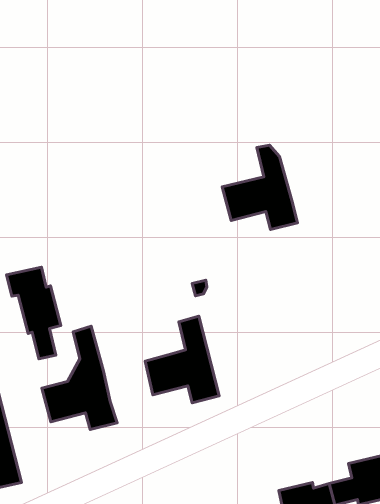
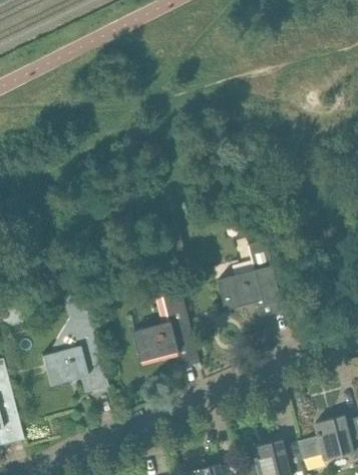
building: [222,145,297,230] -> [217,243,284,318]
building: [7,267,61,359] -> none

